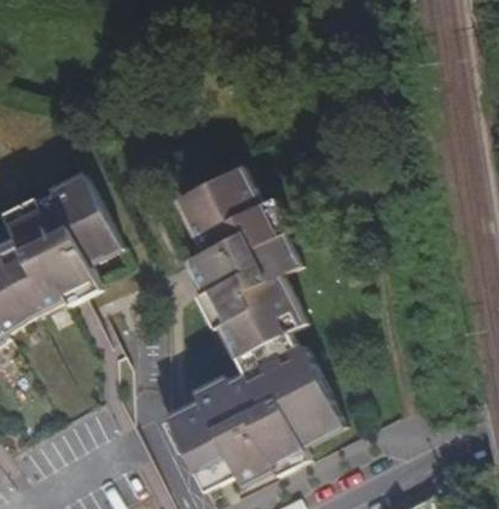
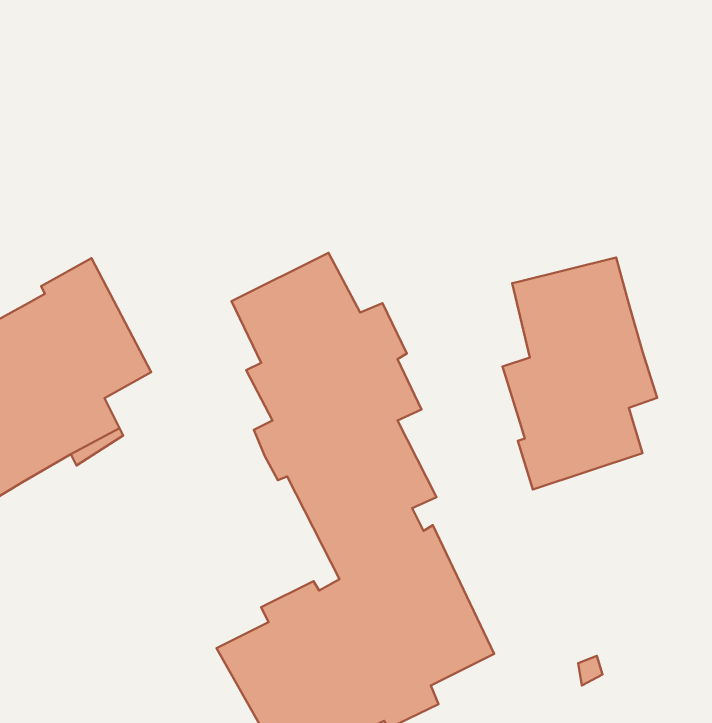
building: none -> [503,257,657,490]

